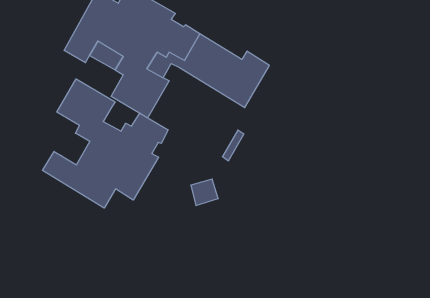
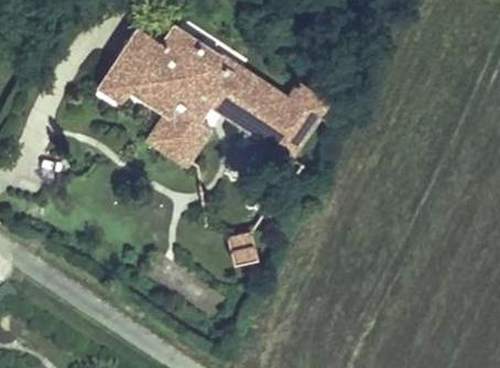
building: [43,79,168,208] -> none

